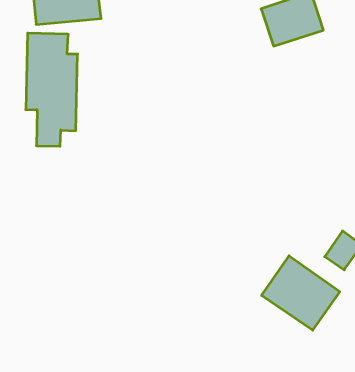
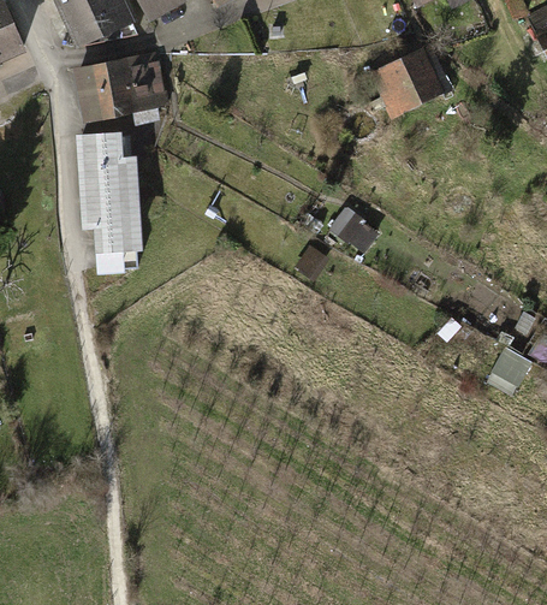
building: none -> [326,204,375,253]
building: [262,256,340,330] -> none

